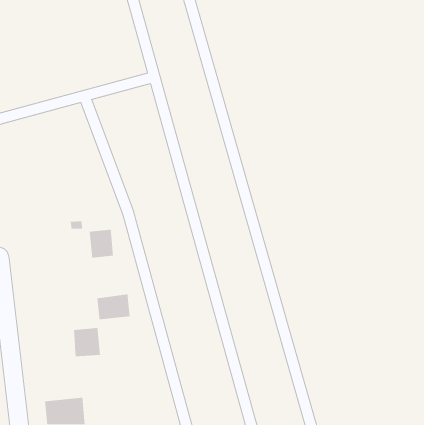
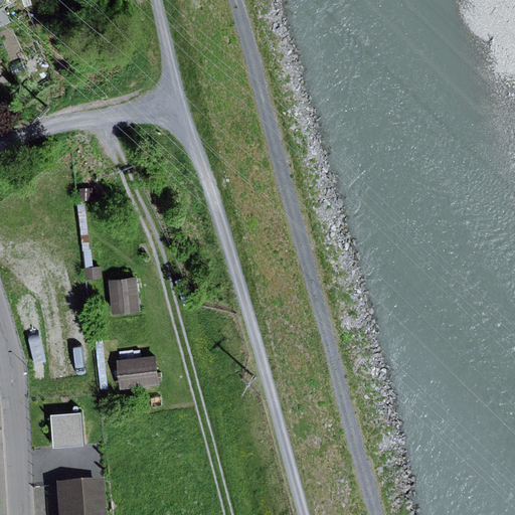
building: [73,327,101,357] -> [51,411,84,448]

